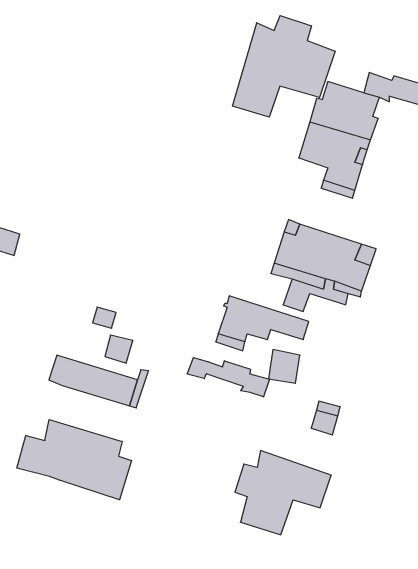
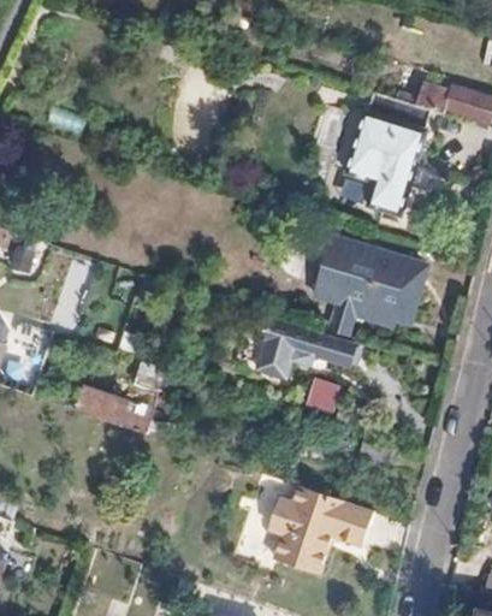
building: [232,16,335,117] -> none
building: [187,358,270,397] -> none
building: [17,420,132,500] -> none

